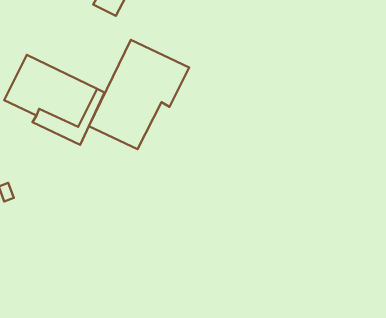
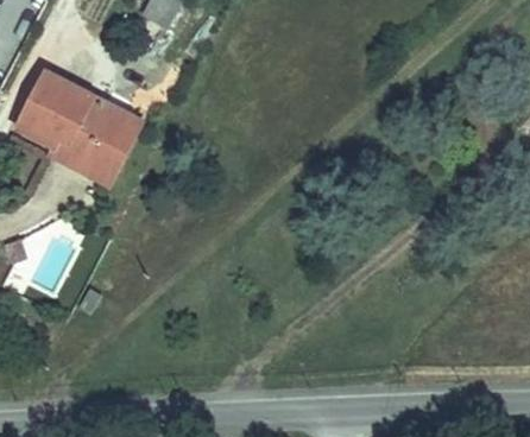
building: [89,40,189,149] -> none

